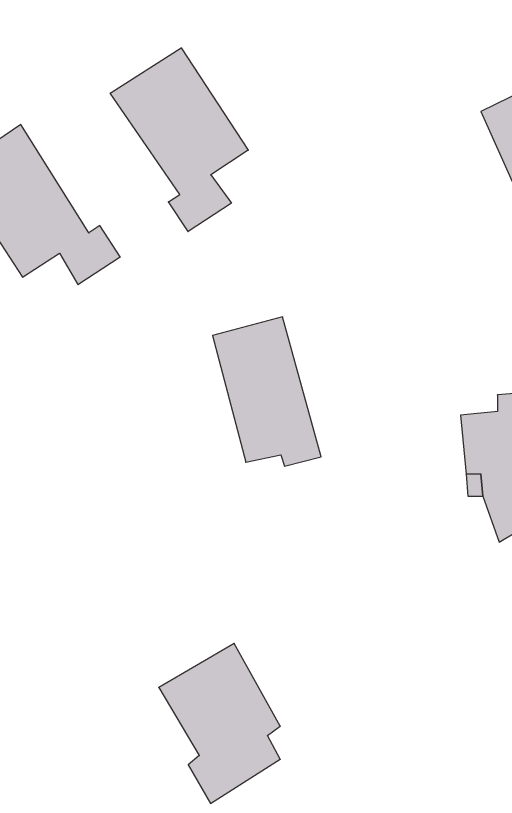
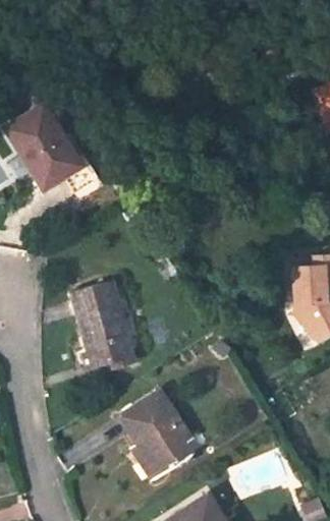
building: [110,48,248,232] -> none
building: [213,317,321,466] -> [76,288,136,370]

